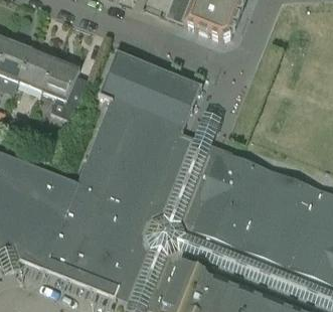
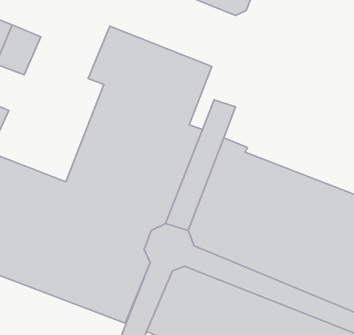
building: [42,57,89,120] -> none

